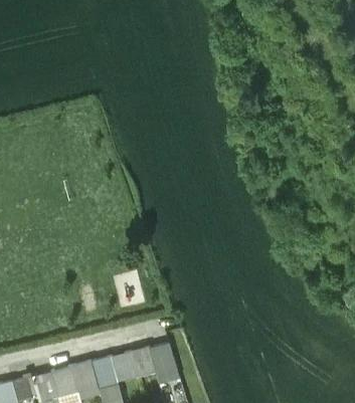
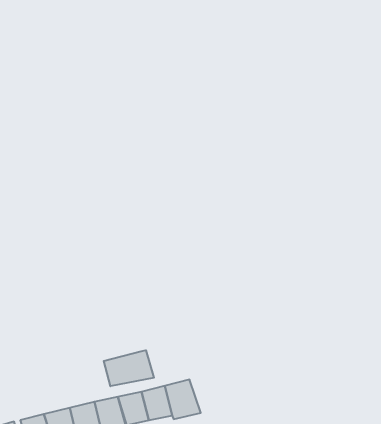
building: none -> [104,350,154,386]

